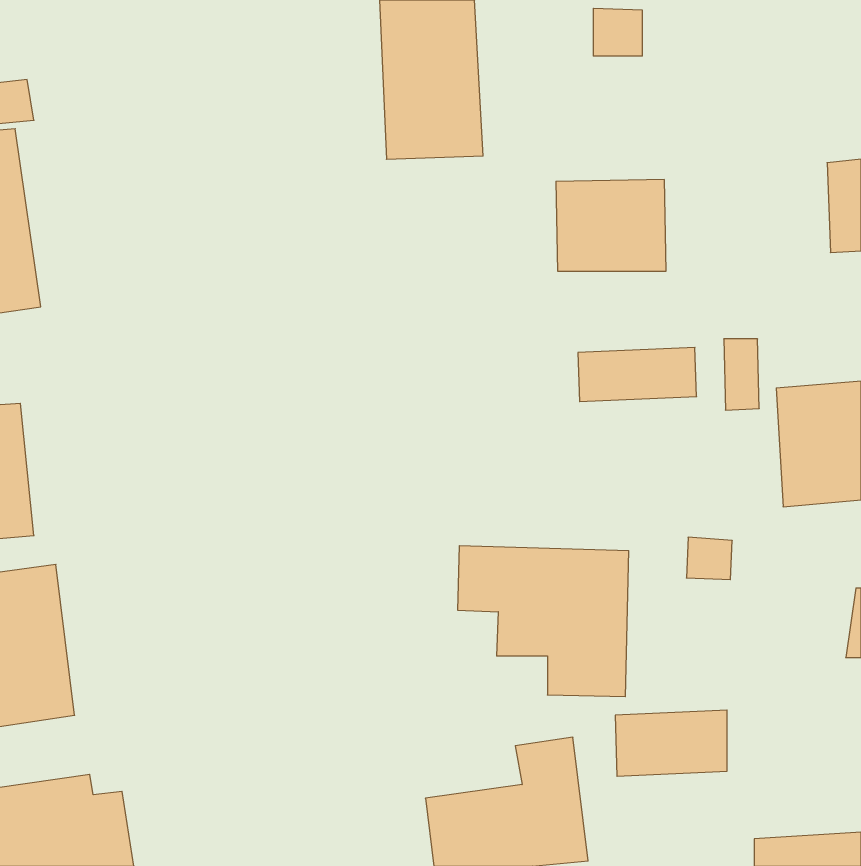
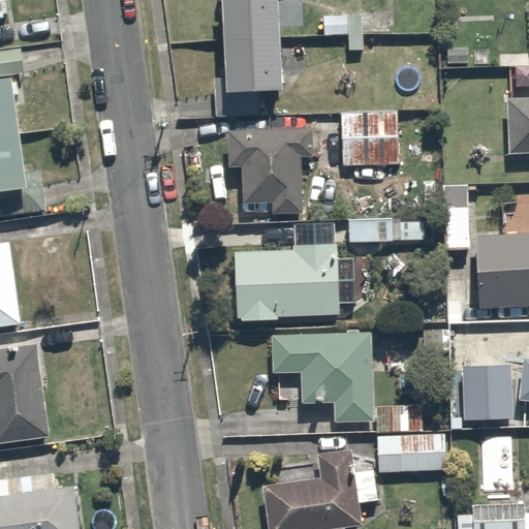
building: none -> [229,130,321,215]
building: none -> [236,249,344,316]
building: none -> [461,365,510,421]

